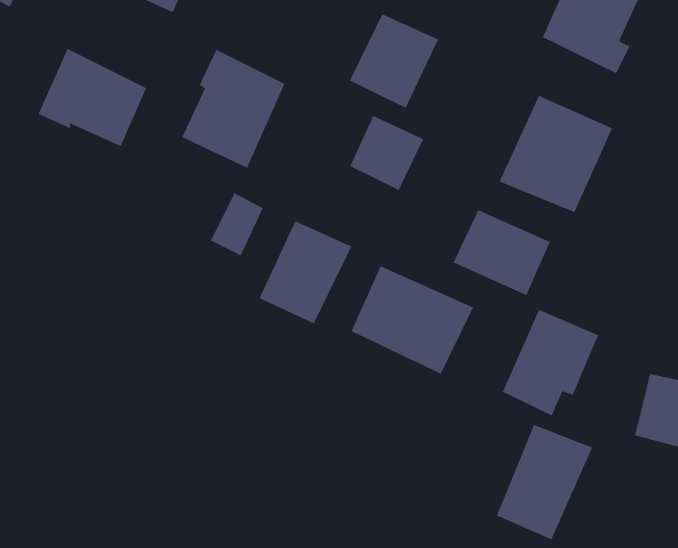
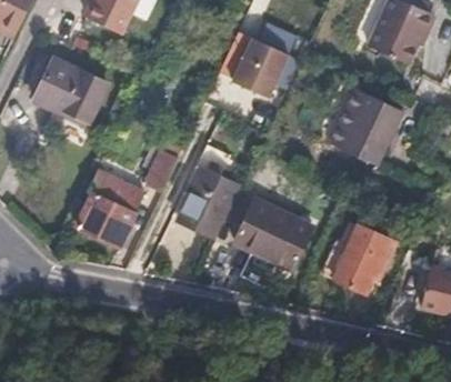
building: [181,49,286,169] -> [79,169,146,245]
building: [349,115,424,191] -> none
building: [453,209,551,296] -> none
building: [496,424,593,540] -> none

